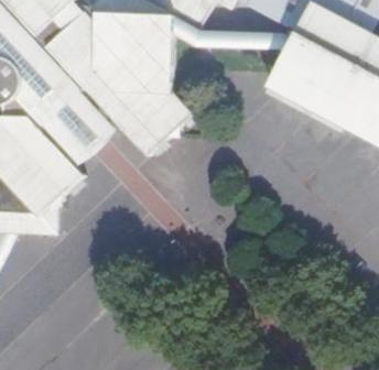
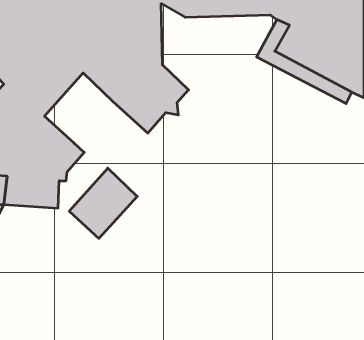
building: [53,98,119,166] -> [69,168,137,238]

